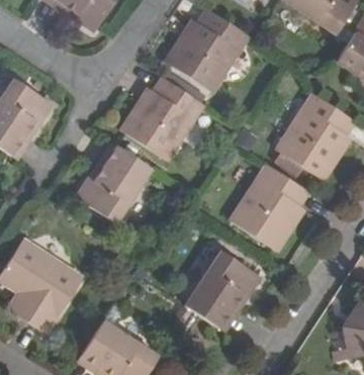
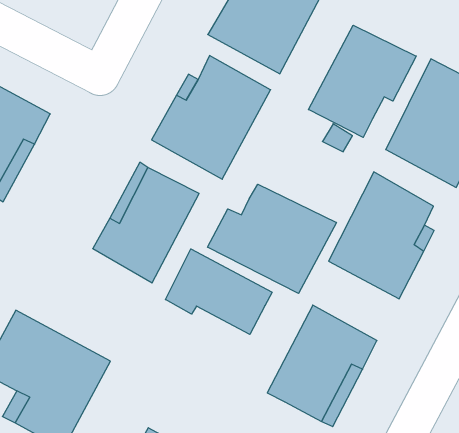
building: none -> [308,25,416,137]
building: none -> [208,184,336,293]
building: none -> [165,249,272,334]

